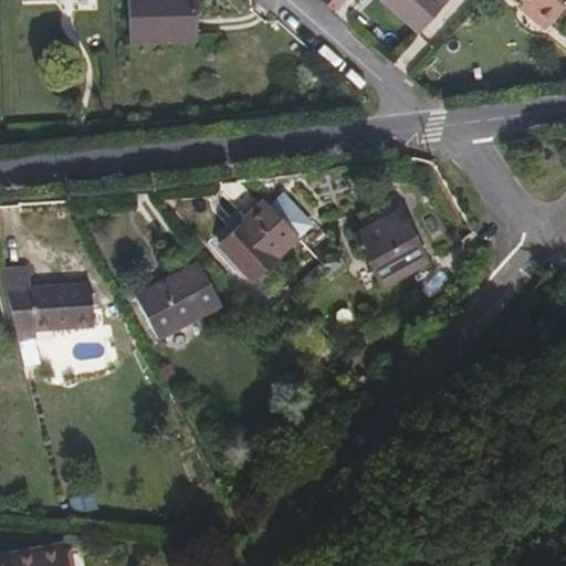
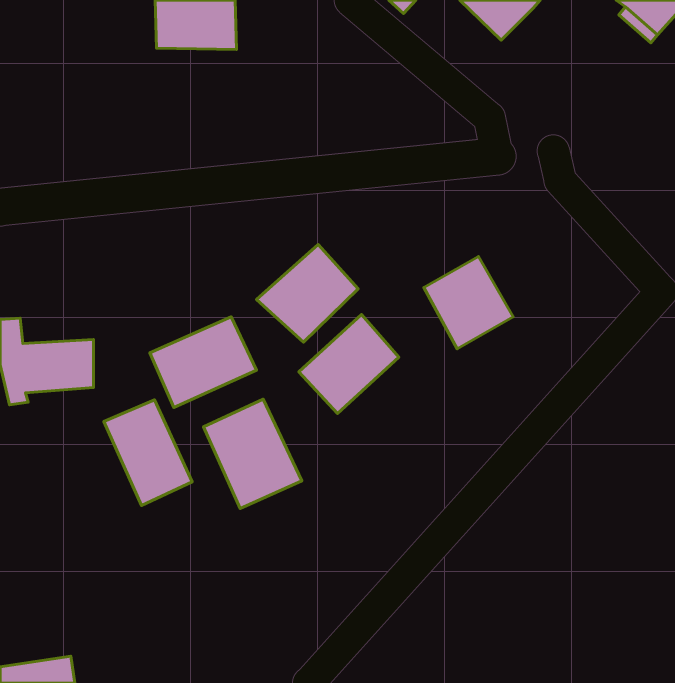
building: none -> [299,315,399,414]
building: none -> [204,399,302,509]
building: none -> [104,400,192,505]

